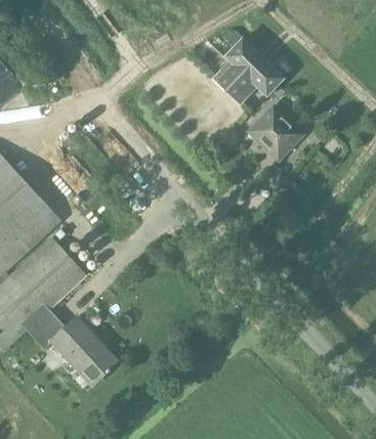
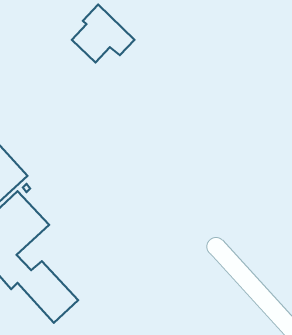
building: [212,37,283,102] -> [72,4,134,62]
building: [249,105,301,157] -> none

